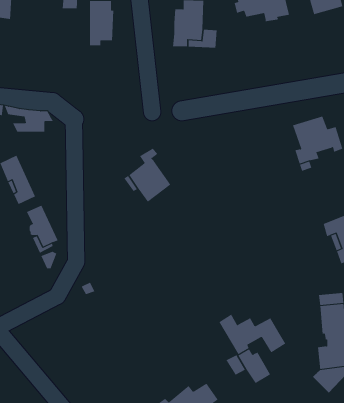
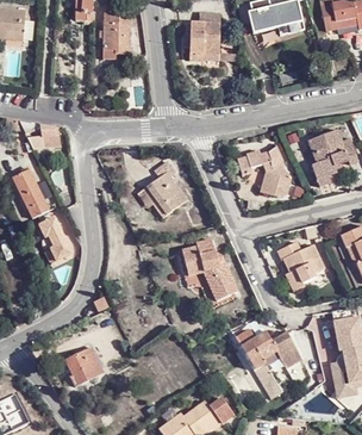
building: none -> [235,144,289,195]
building: none -> [181,237,236,298]
building: none -> [275,240,323,290]
building: none -> [67,347,104,385]

